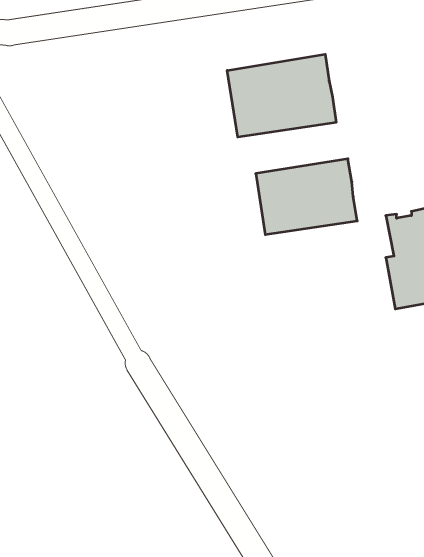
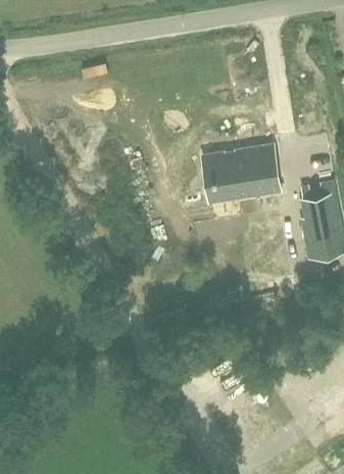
building: [227,54,336,137] -> none

